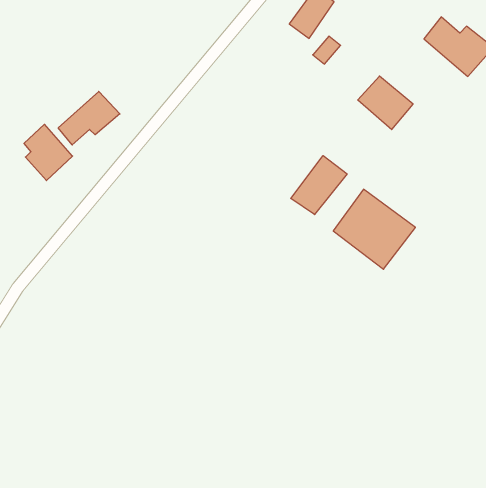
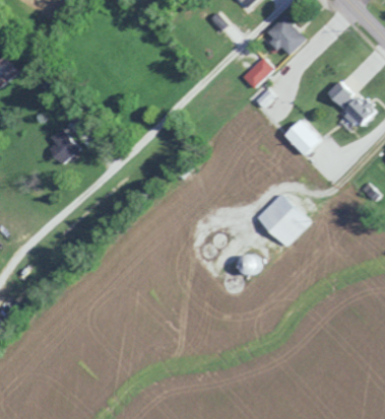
building: [58,91,120,145] -> none
building: [291,156,347,215] -> none

